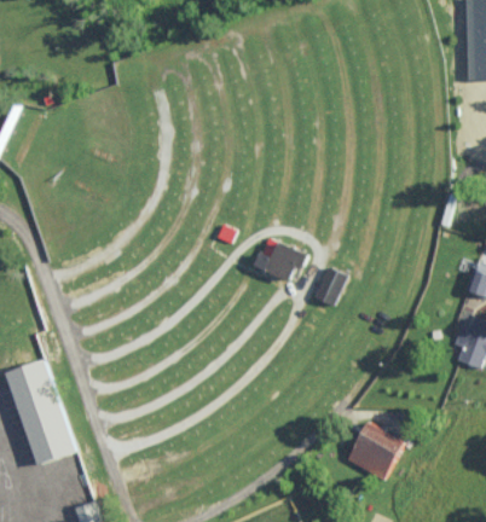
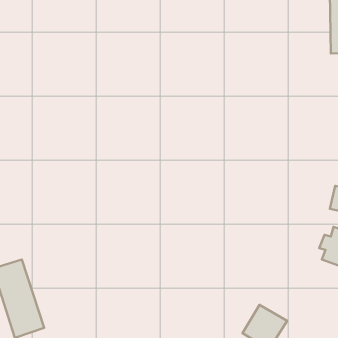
building: [253,237,307,282] -> none
building: [312,267,346,306] -> none

